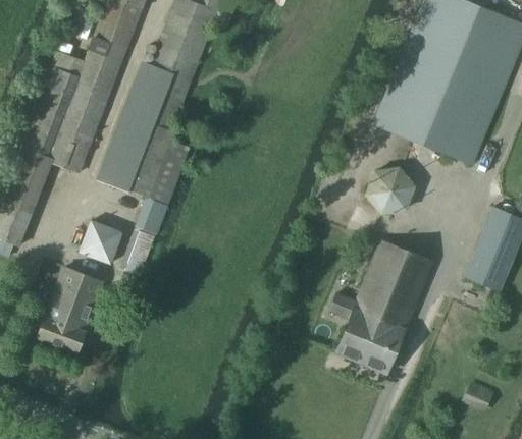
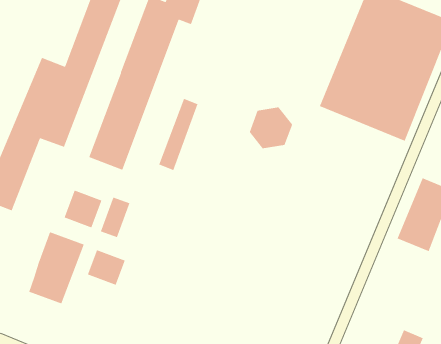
building: [142,141,189,225] -> [158,98,199,171]
building: [365,165,416,214] -> [249,107,293,149]
building: [330,242,430,373] -> none
building: none -> [87,249,126,286]

